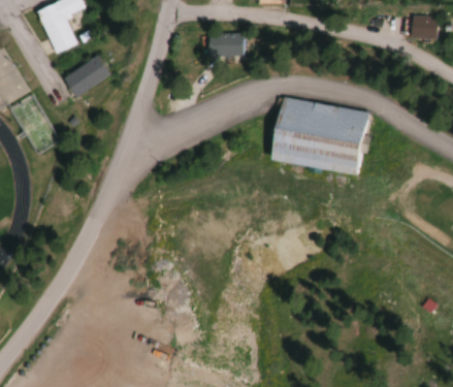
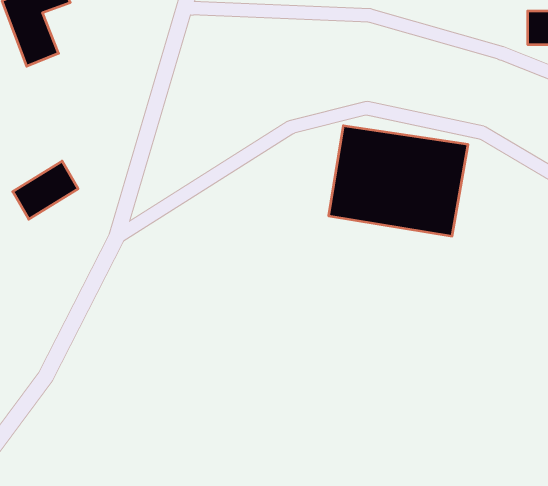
building: [208,33,244,56] -> none
building: [63,56,109,97] -> [13,161,78,219]

